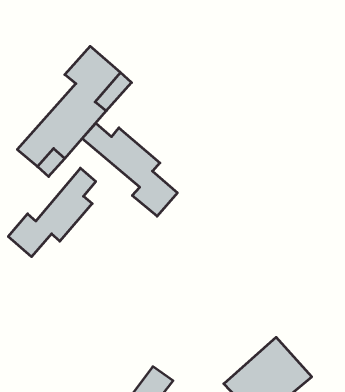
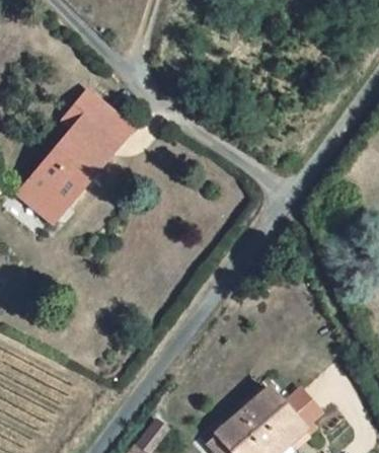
building: [82,123,177,216] -> none
building: [8,168,96,257] -> none

